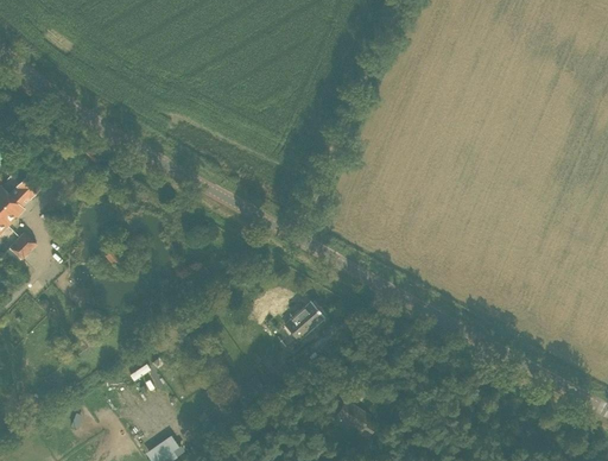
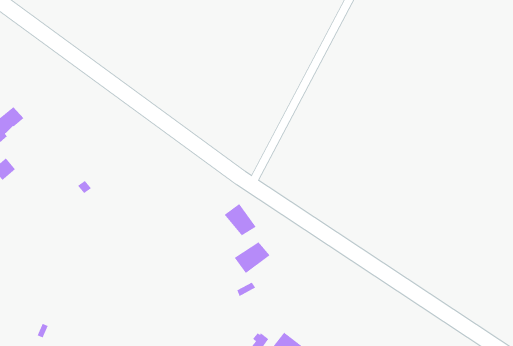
building: none -> [224,203,257,236]

